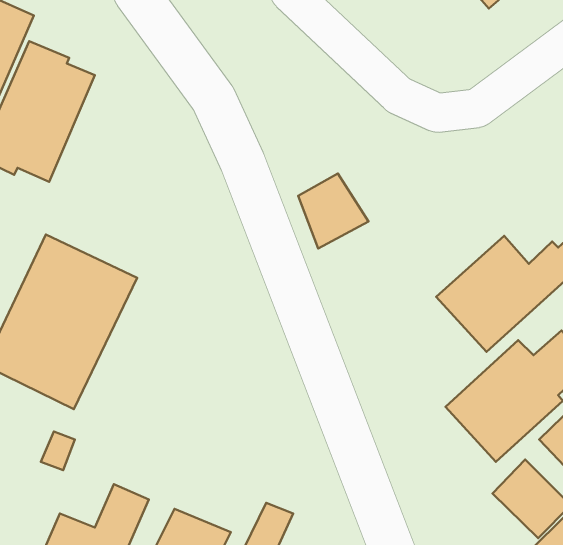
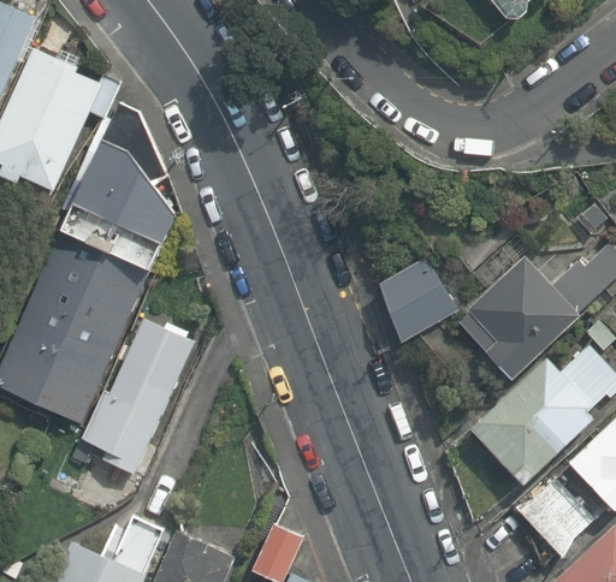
building: none -> [61,127,179,281]
building: [298,173,368,248] -> [377,259,449,335]
building: none -> [94,310,211,479]

